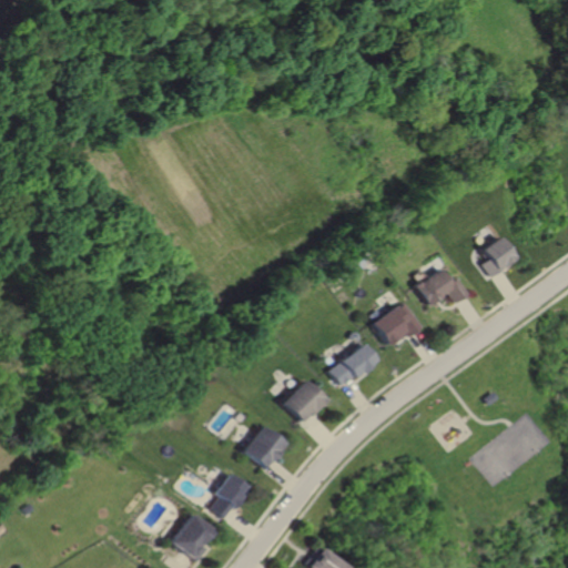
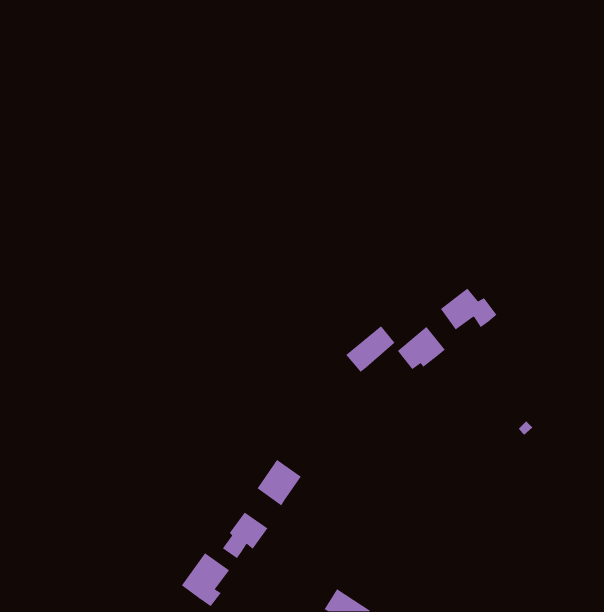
building: [483,237,518,276] -> none
building: [329,342,376,386] -> [345,325,395,373]
building: [283,378,331,423] -> none

